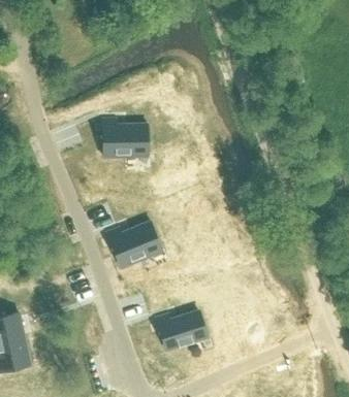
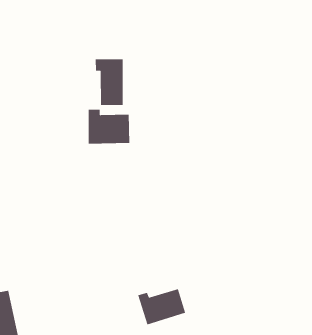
building: none -> [95,59,124,106]
building: [106,222,163,268] -> none

